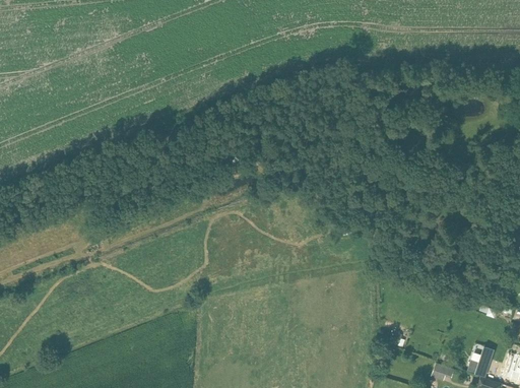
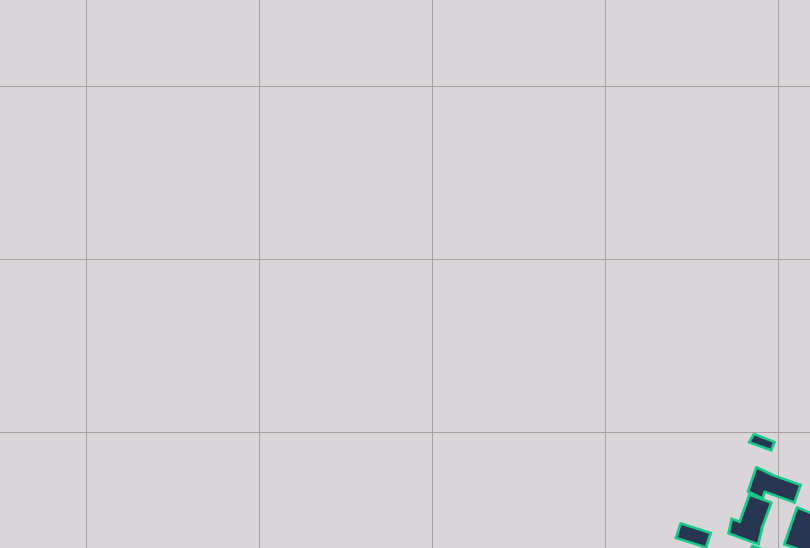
building: none -> [748,467,801,503]

